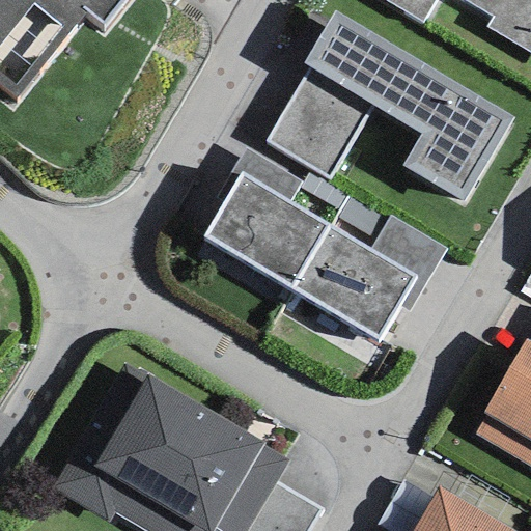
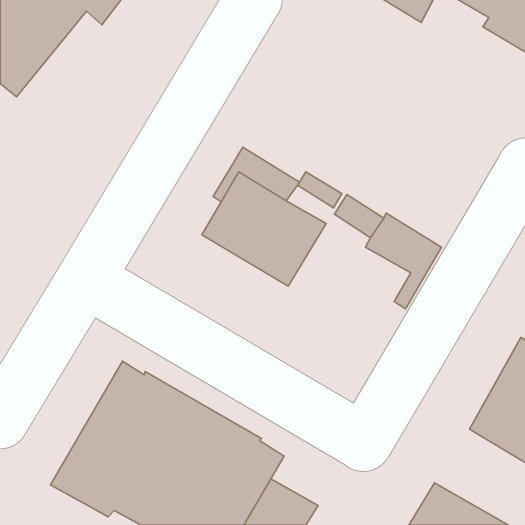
building: [267,11,512,200] -> none
building: [291,225,415,339] -> none

